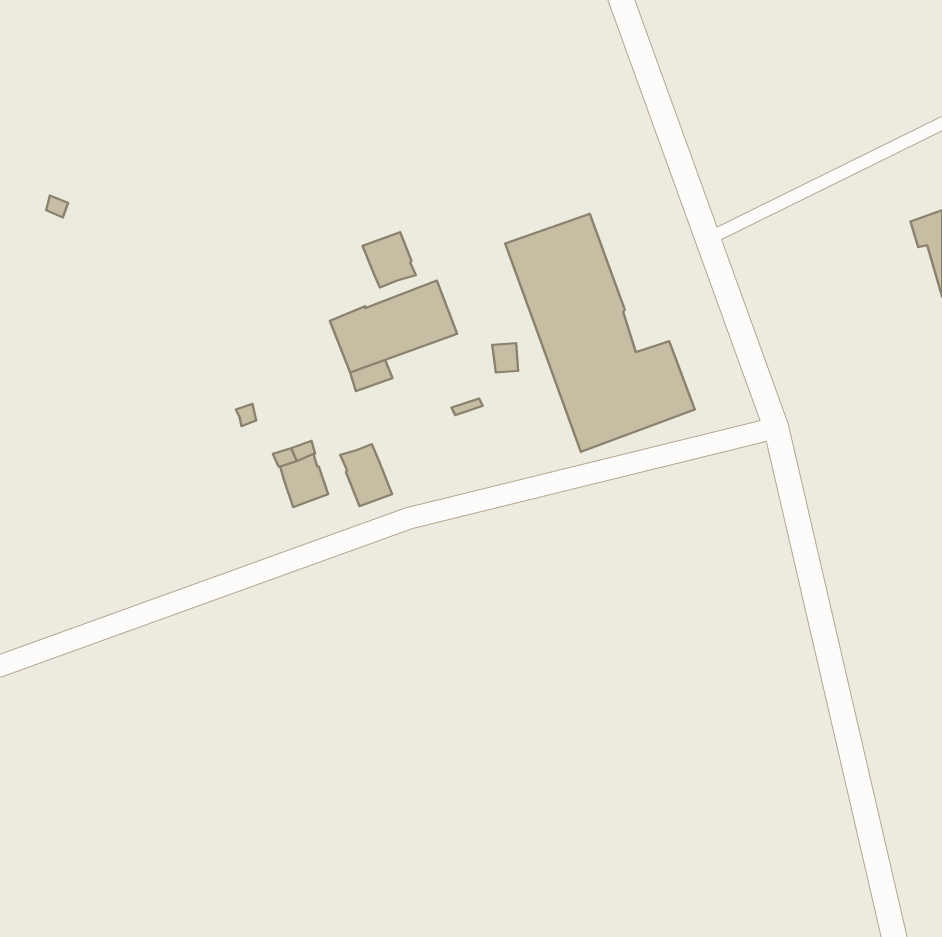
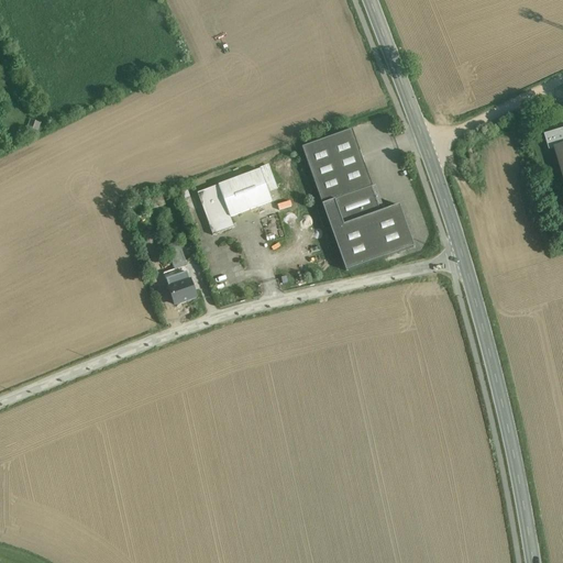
building: [363,232,416,288] -> none
building: [340,444,392,506] -> none

